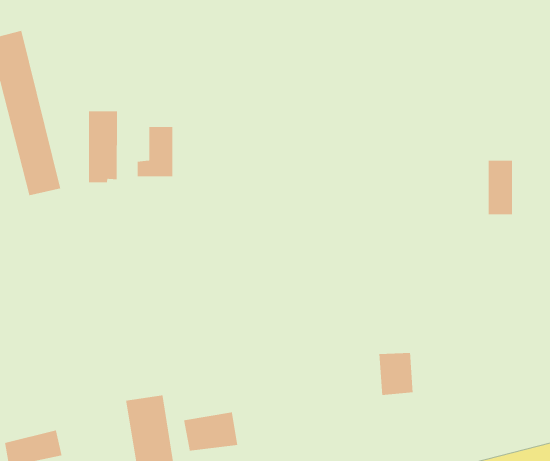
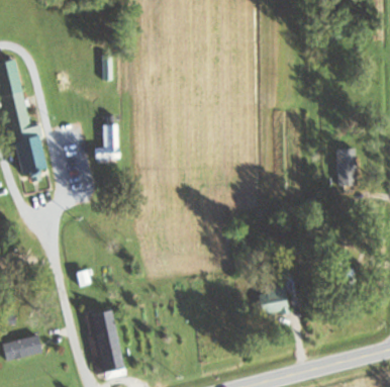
building: [88,110,118,183] -> none
building: [183,412,238,452] -> none

